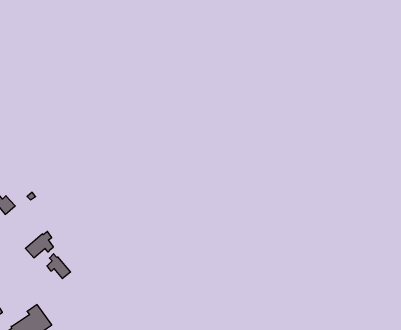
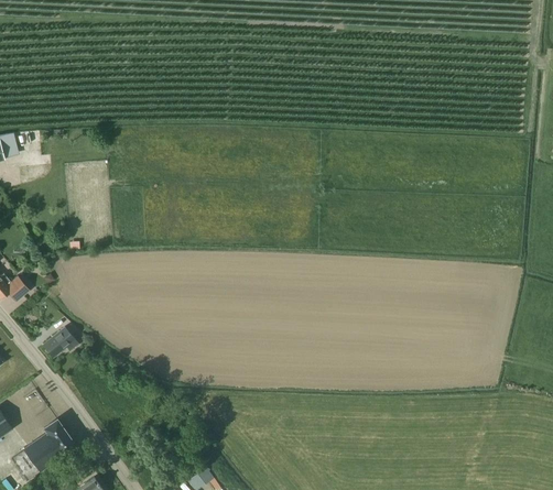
building: [47,254,71,279] -> none

